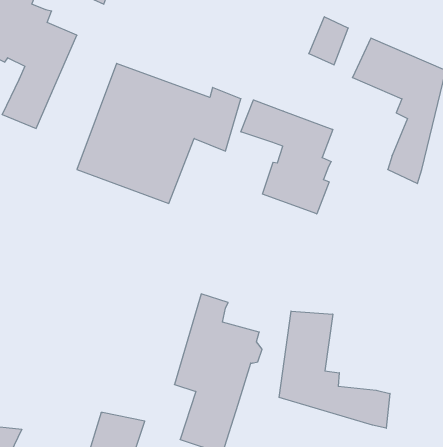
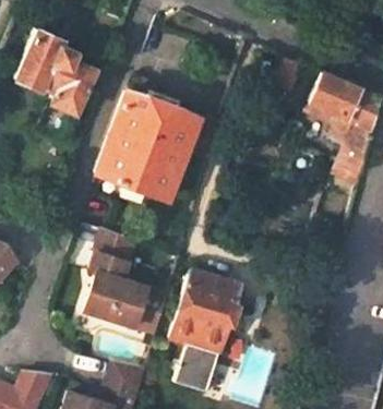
building: [241,100,333,214] -> none
building: none -> [83,227,169,333]
building: [279,311,390,428] -> none

